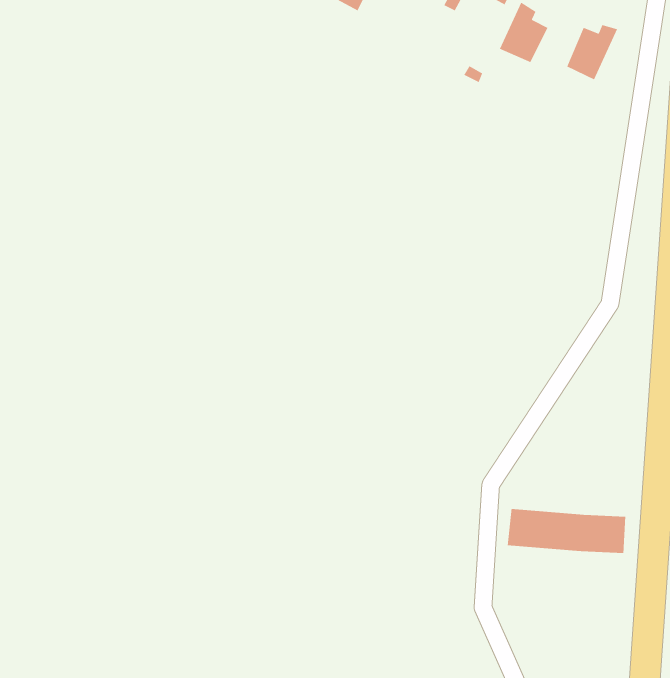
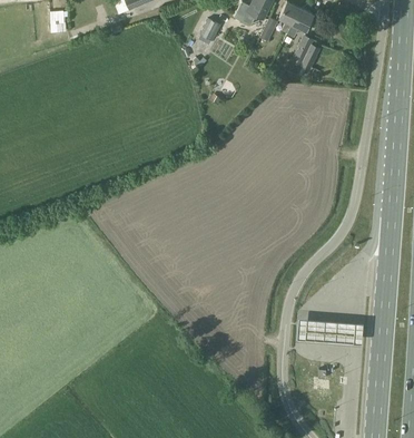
building: [566,24,618,80] -> none

